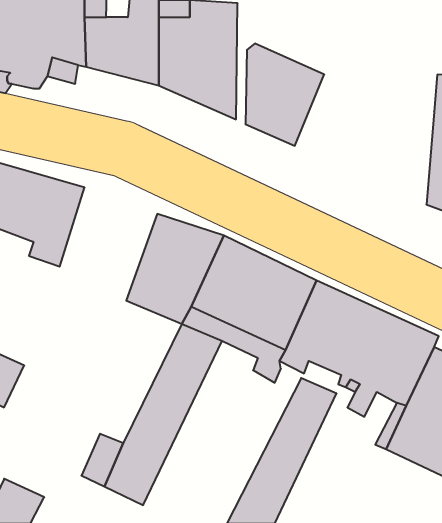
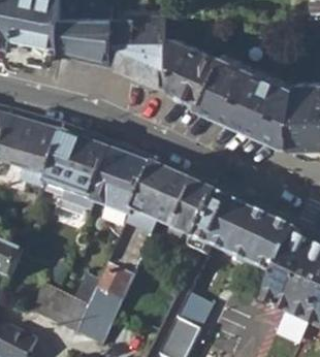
building: none -> [201,51,294,143]
building: none -> [44,132,109,207]
building: none -> [33,284,71,324]

